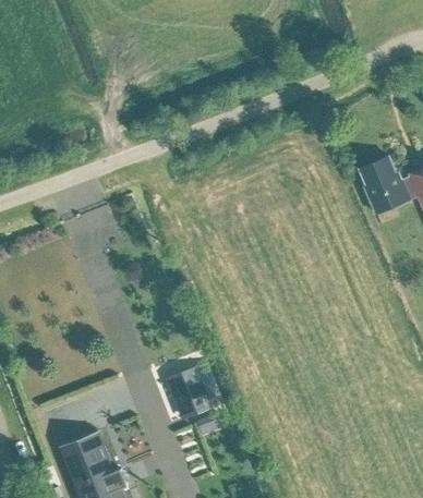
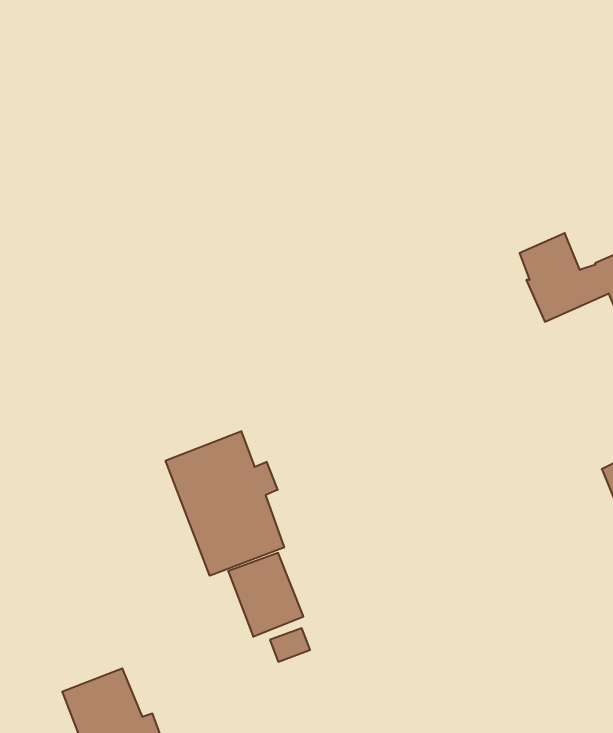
building: none -> [166,431,284,576]

